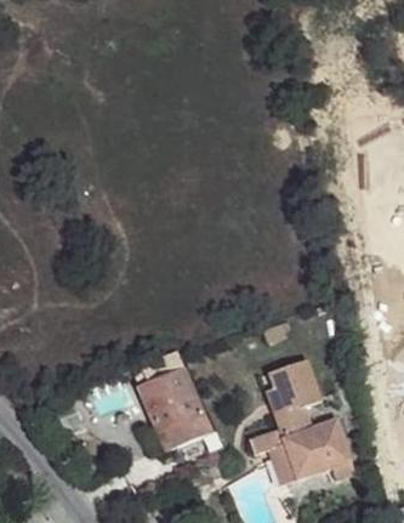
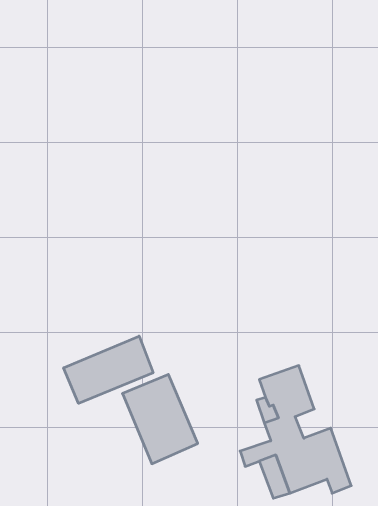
building: none -> [64,336,153,403]

